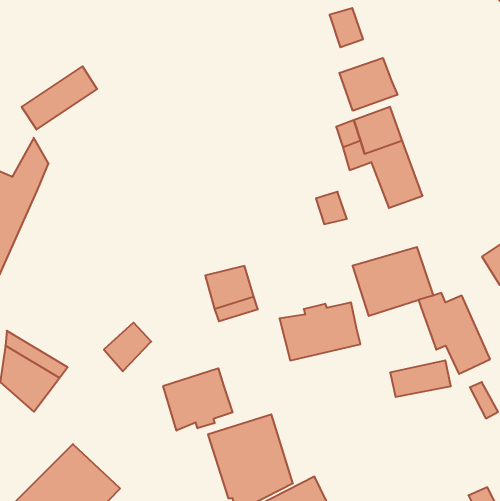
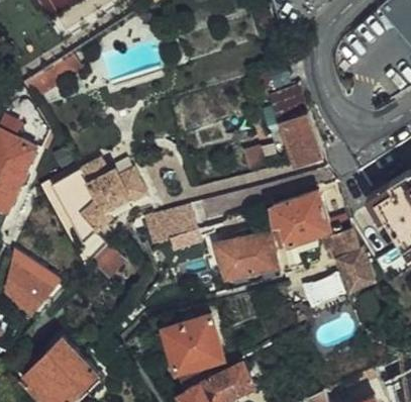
building: [339,58,397,111] -> none
building: none -> [50,160,145,242]
building: [163,368,233,431] -> none

